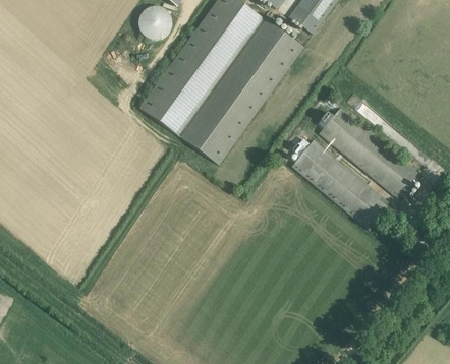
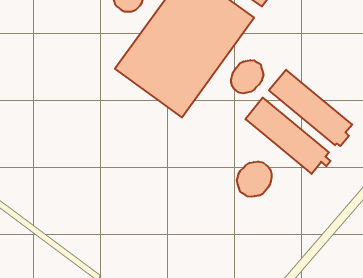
building: none -> [231,60,263,93]
building: none -> [237,161,272,197]

